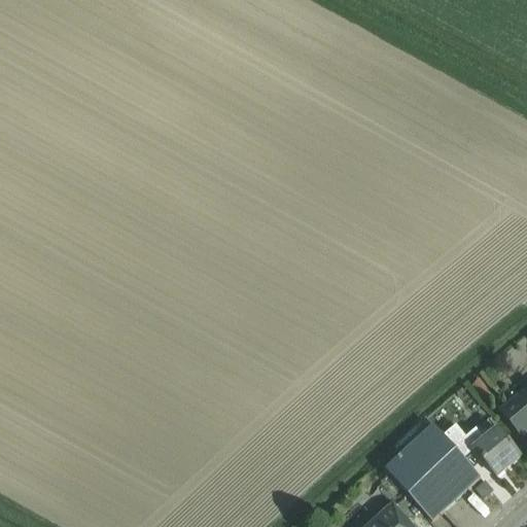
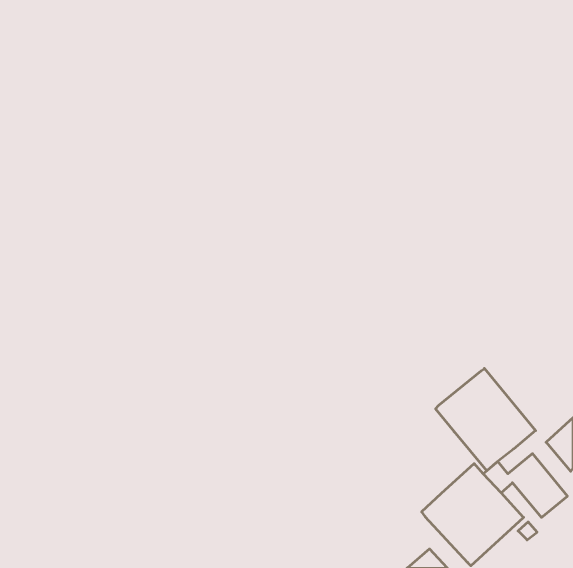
building: none -> [436,368,536,471]

